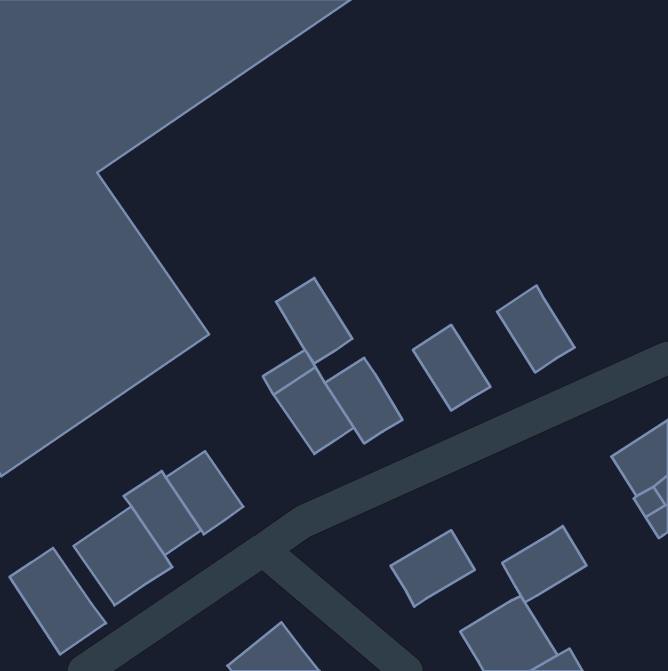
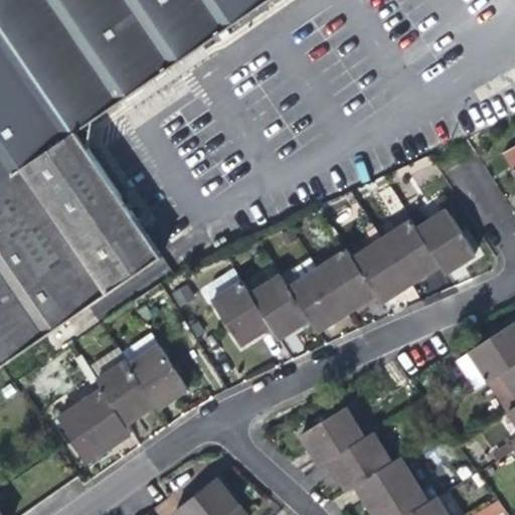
building: none -> [415,208,475,274]
building: [276,278,352,364] -> [287,268,345,333]
building: none -> [351,238,409,304]
building: [502,526,586,602] -> [326,430,390,488]
building: [10,548,106,654] -> none

